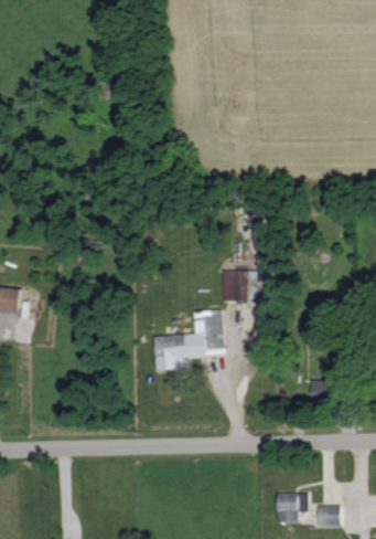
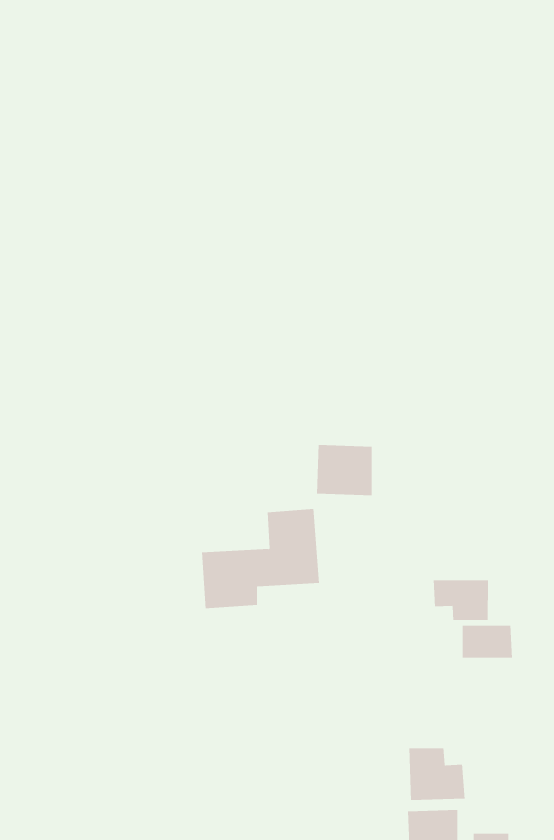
building: none -> [433,580,488,621]
building: none -> [409,747,465,801]

